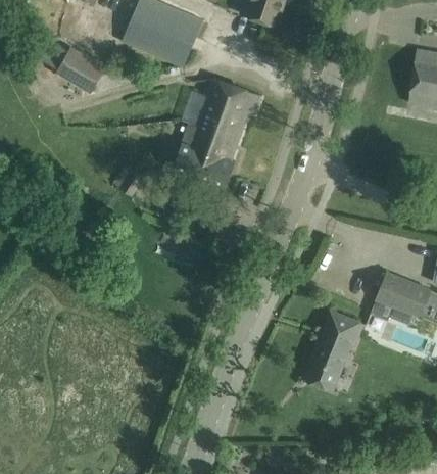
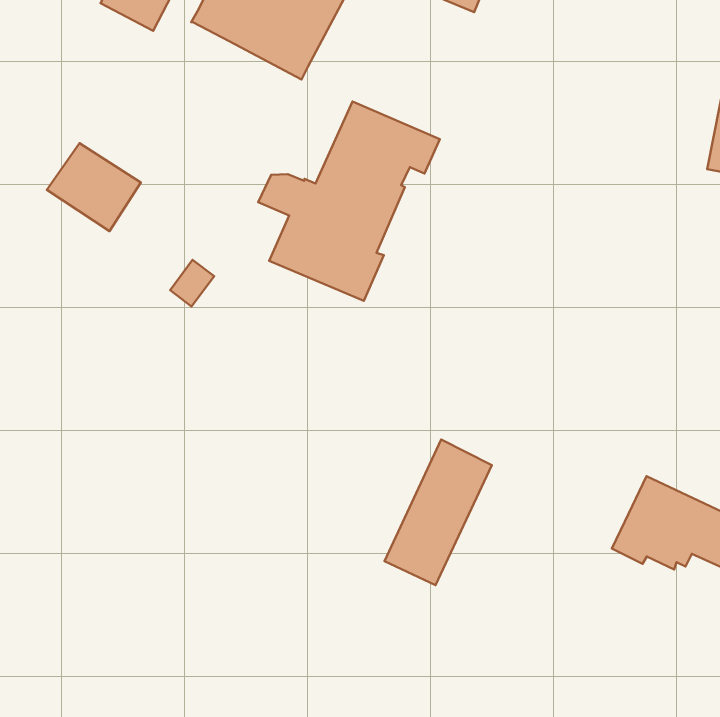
building: [55,45,106,92] -> [47,143,141,231]
building: [305,310,360,389] -> [385,440,492,585]

